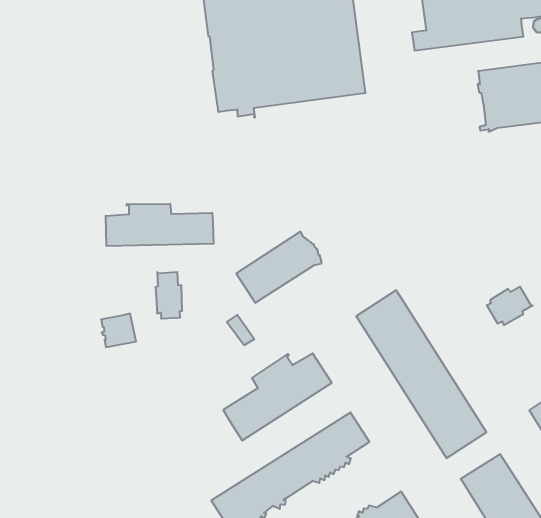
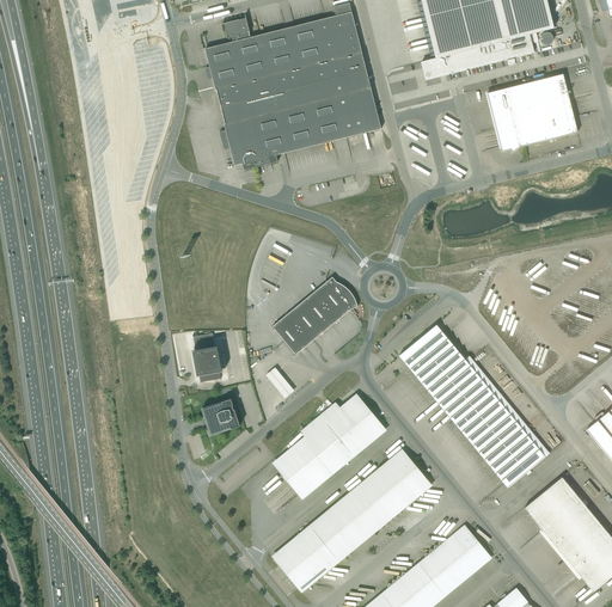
building: [106,204,214,246] -> none
building: [487,287,533,325] -> none
building: [101,314,136,347] -> [202,398,240,435]

